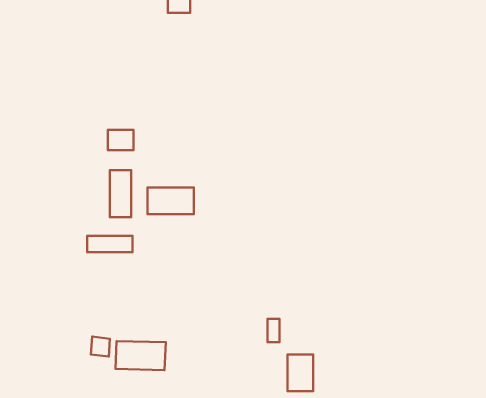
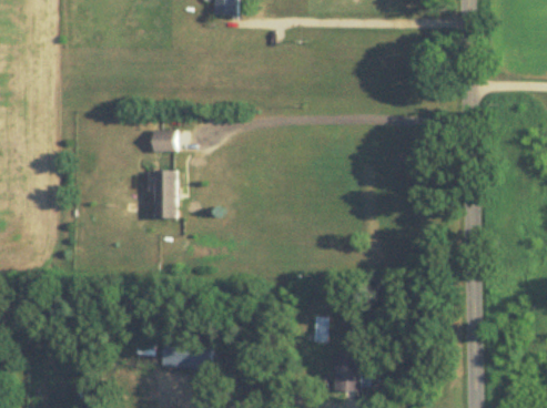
building: [148,187,194,214] -> none
building: [87,236,133,252] -> none

